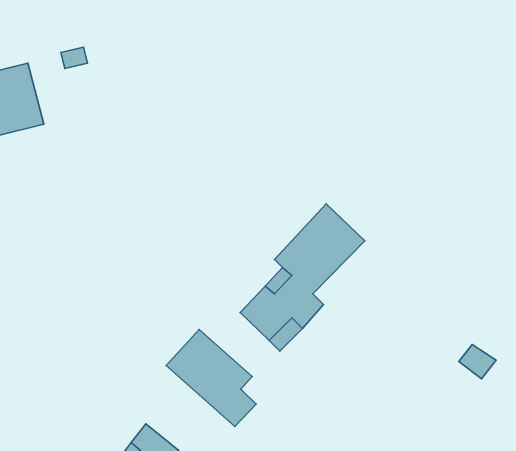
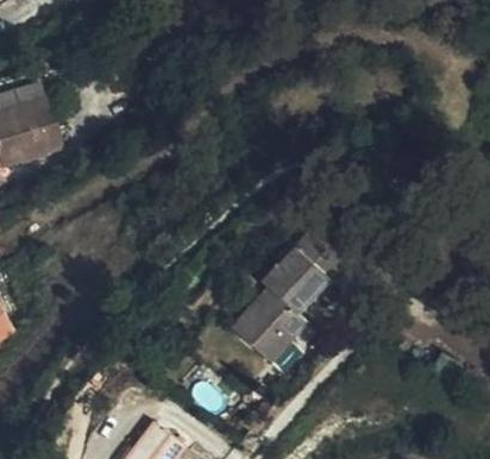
building: [166,330,256,427] -> none

